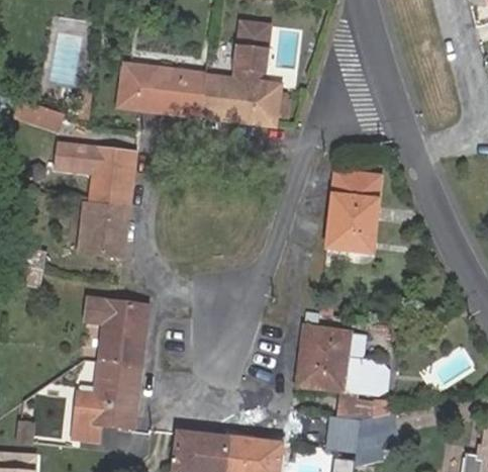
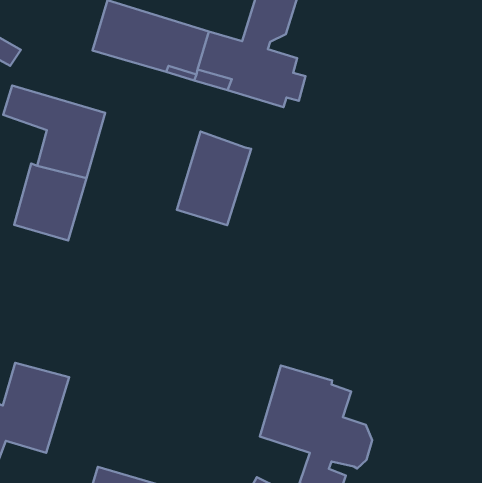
building: none -> [177,131,251,225]
building: [327,171,380,252] -> none
building: [85,296,151,364] -> none

